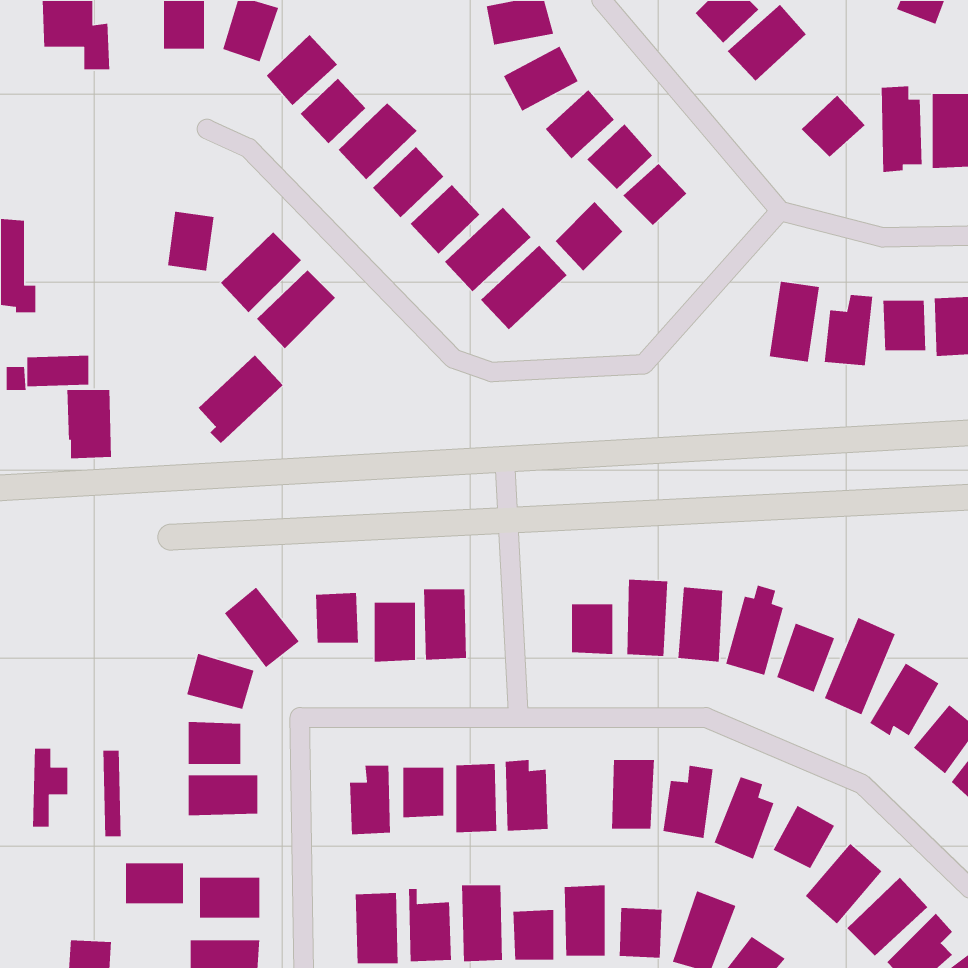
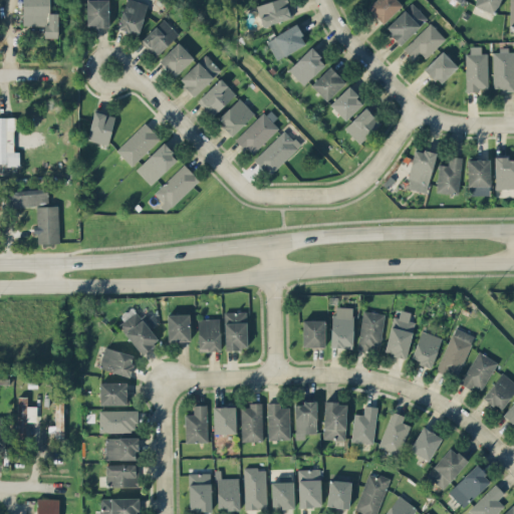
building: none -> [404,23,446,58]
building: [555,201,623,271] -> [345,107,381,145]
building: [198,355,283,444] -> [155,165,200,212]
building: none -> [295,403,317,440]
building: [125,862,184,904] -> [106,438,138,460]

